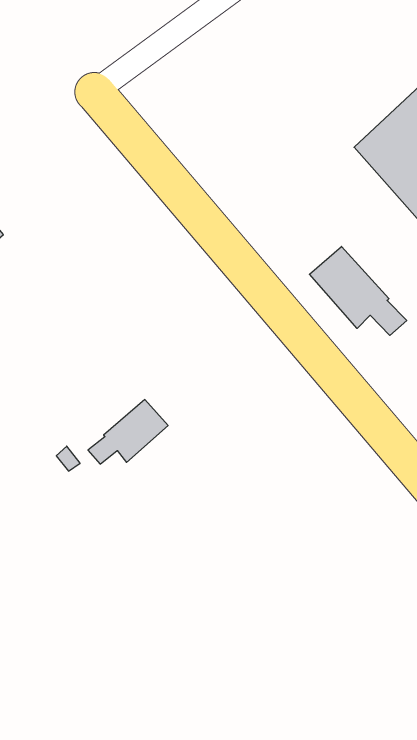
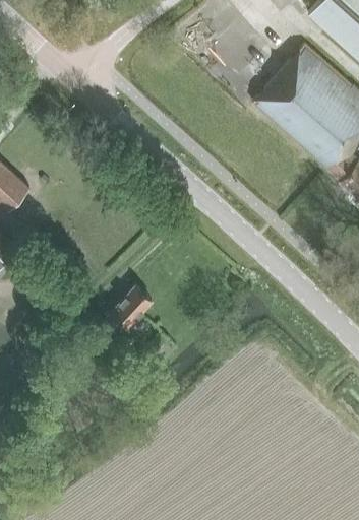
building: [309,246,407,335] -> none

